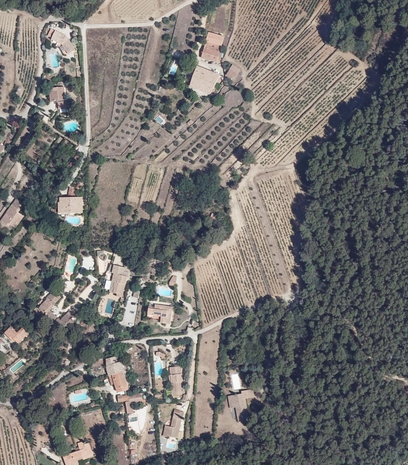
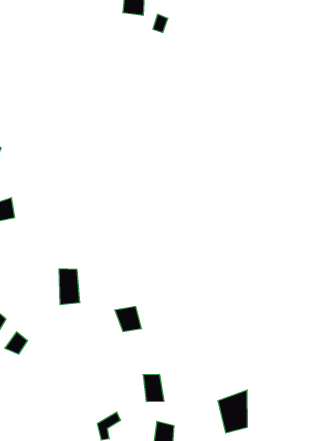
building: [190,65,220,96] -> none
building: [104,356,125,393] -> none

